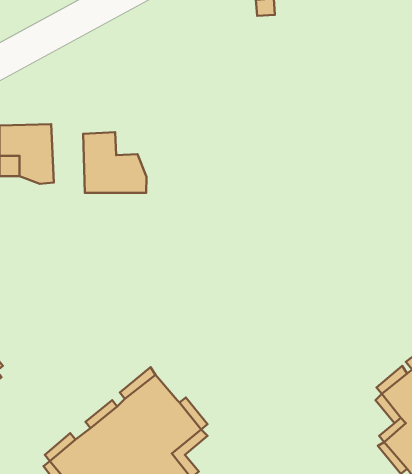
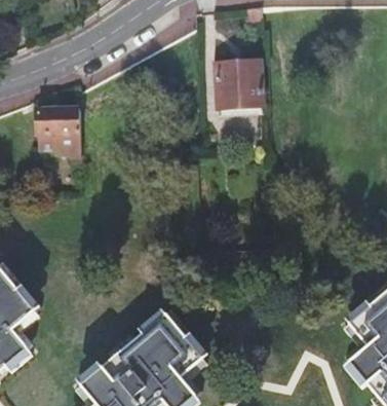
building: none -> [216,61,262,107]
building: [83,132,147,193] -> none

